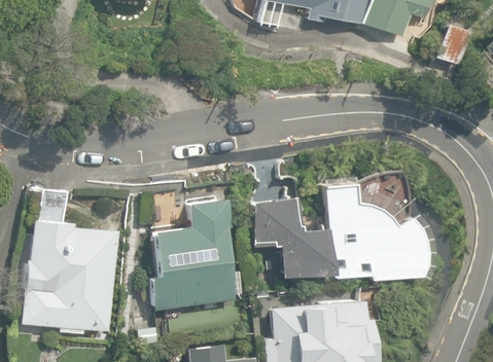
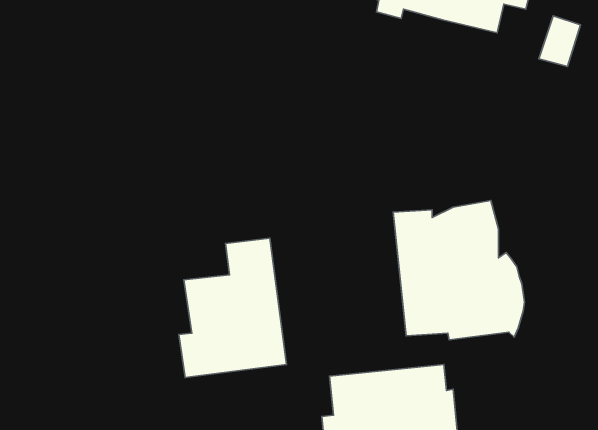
building: [26,187,120,335] -> none
building: [250,195,329,277] -> none

